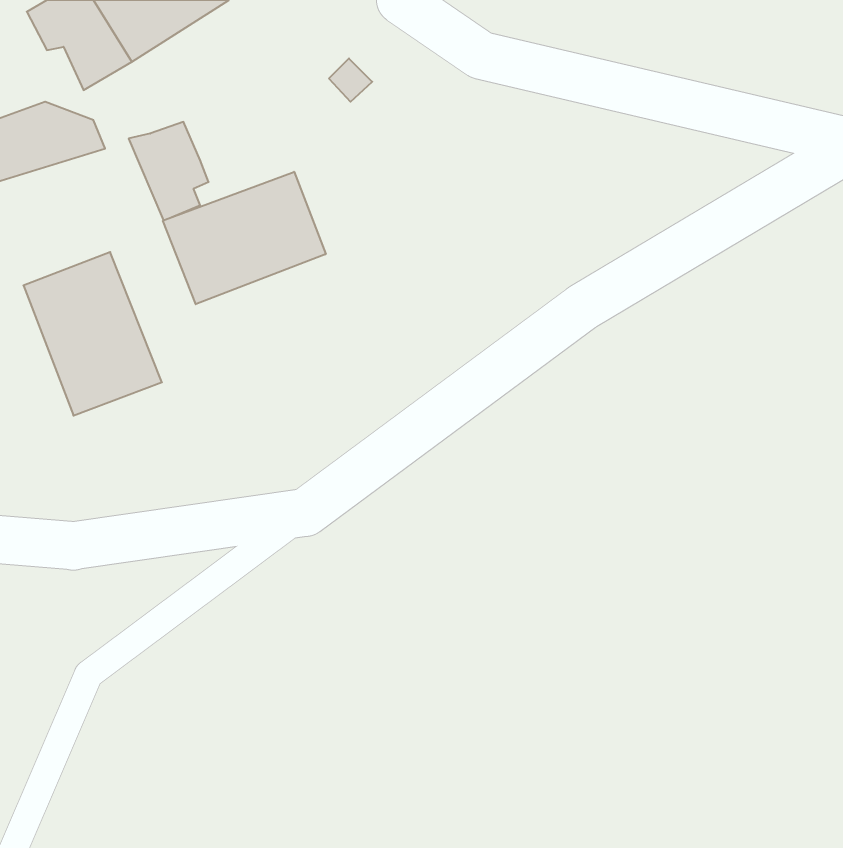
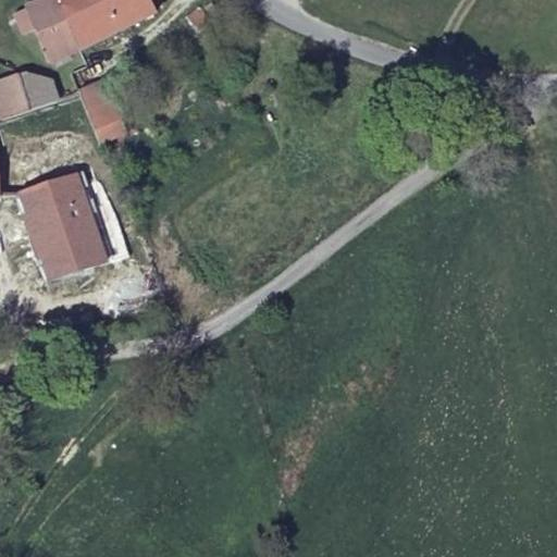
building: [163,172,326,304] -> none

